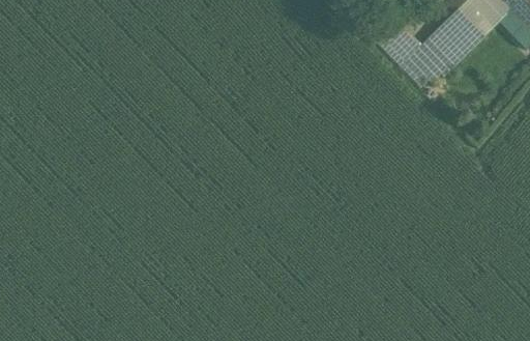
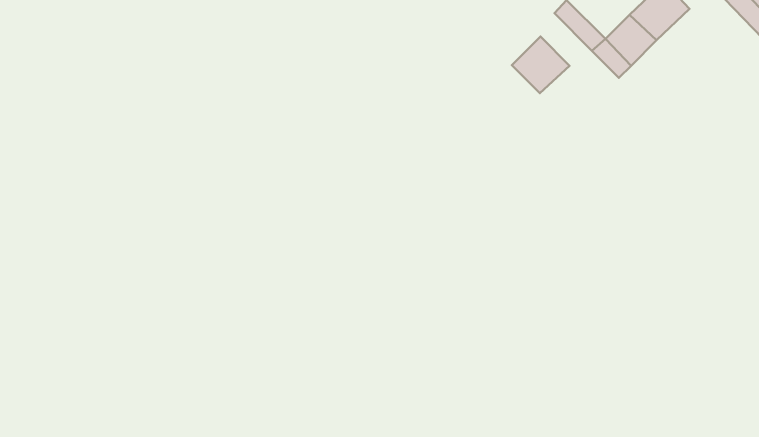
building: none -> [512,37,570,93]

